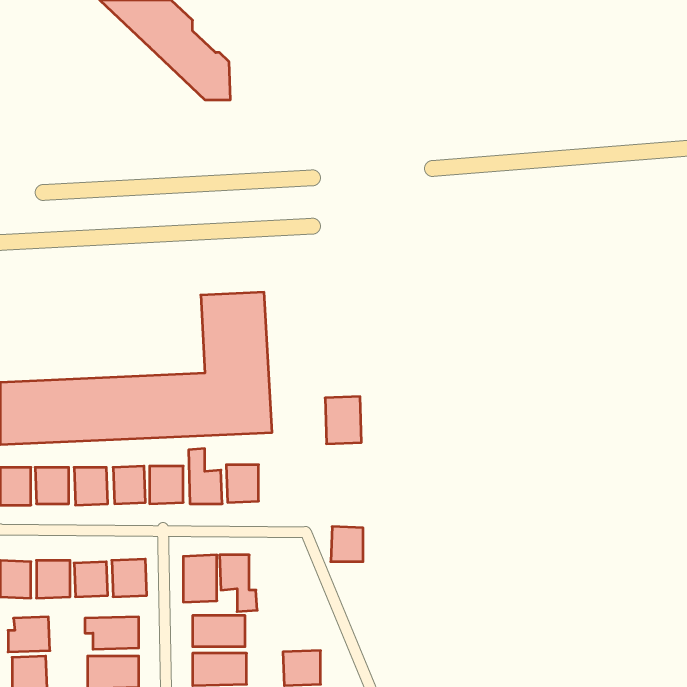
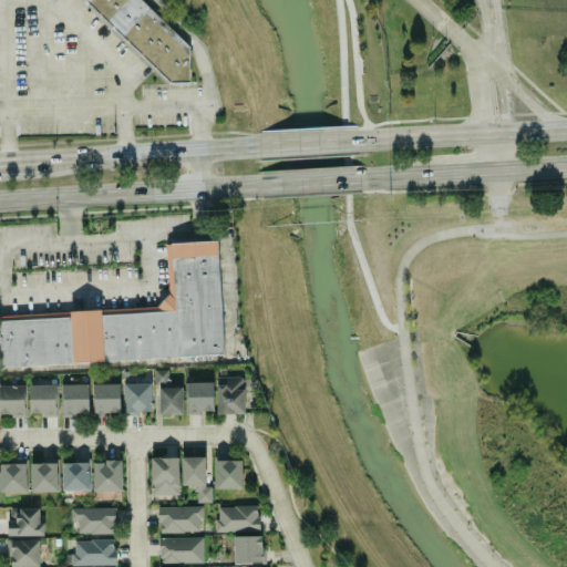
building: [325,397,361,444] -> [217,377,247,415]
building: [331,527,363,562] -> [216,461,243,489]
building: none -> [217,506,259,533]

